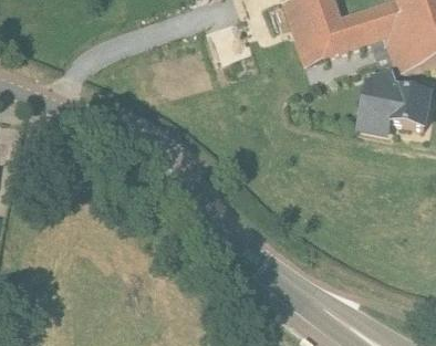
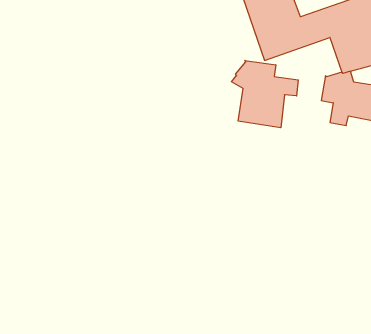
building: none -> [231,60,298,128]

